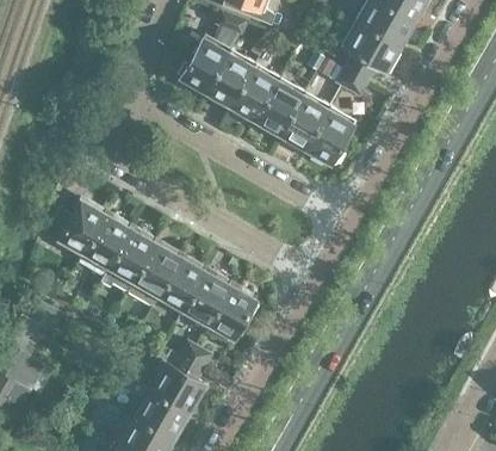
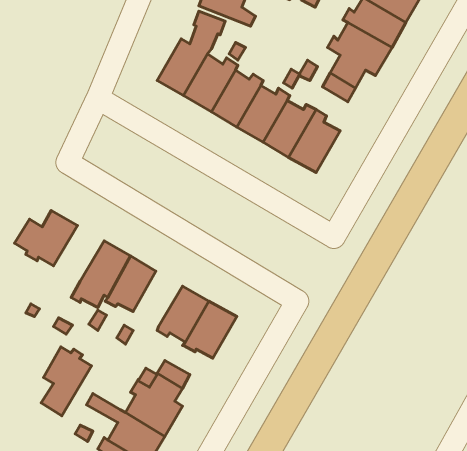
building: [83,215,132,267] -> none
building: [157,258,206,310] -> none
building: none -> [41,347,91,416]

